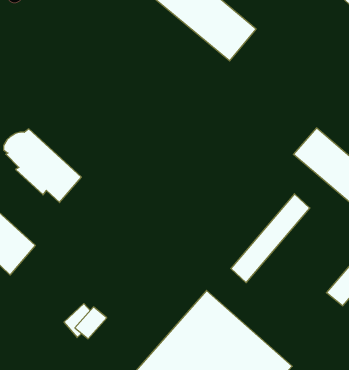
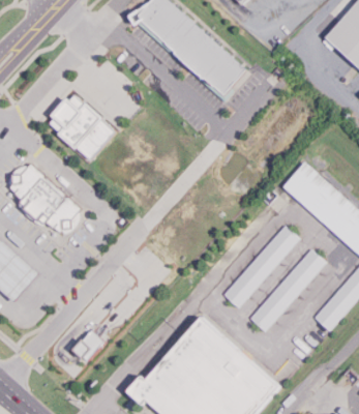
building: none -> [51,95,117,159]
building: none -> [248,248,324,332]

